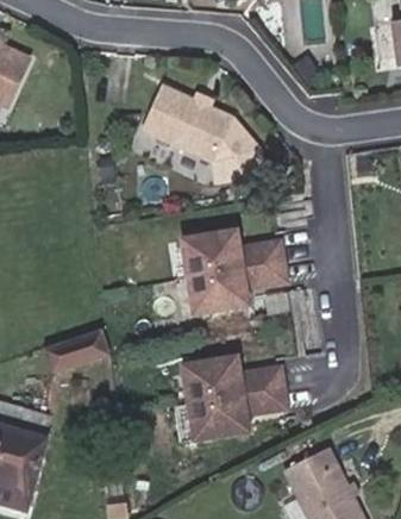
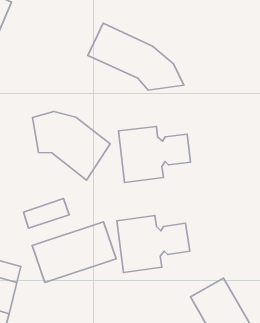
building: none -> [32,111,110,180]
building: none -> [32,222,116,283]

